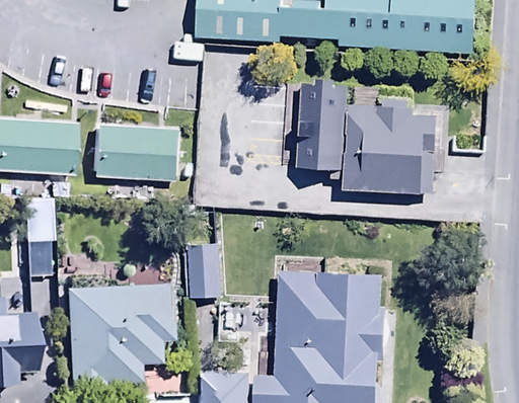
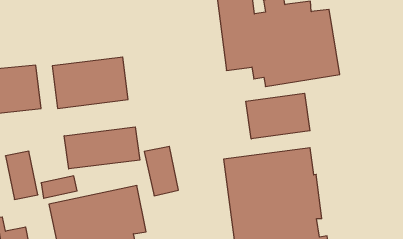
building: none -> [246,93,310,139]
building: none -> [64,127,140,169]

